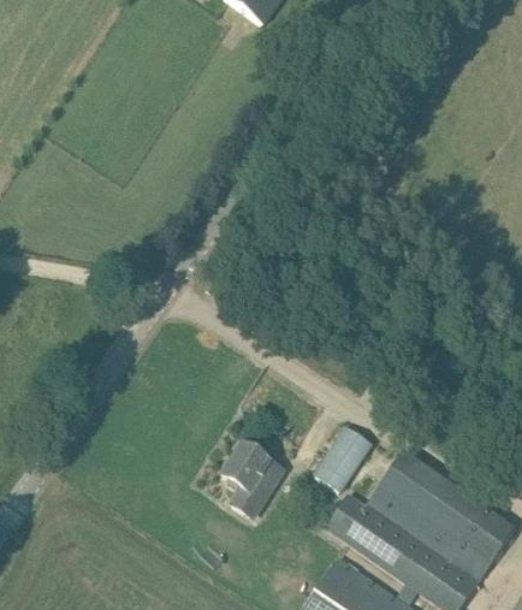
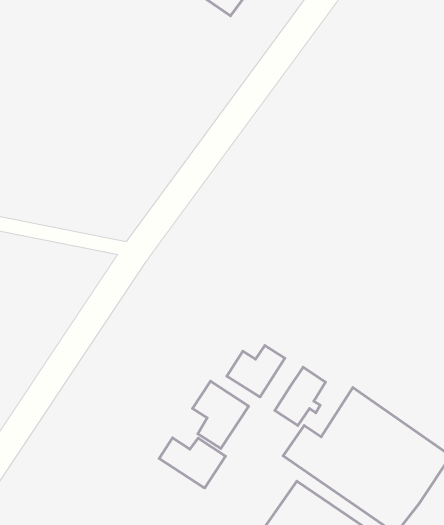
building: none -> [227,345,285,397]
building: none -> [159,438,225,488]

